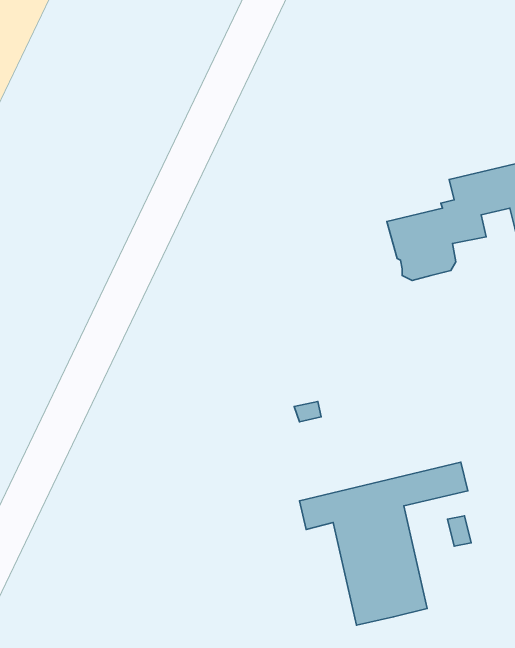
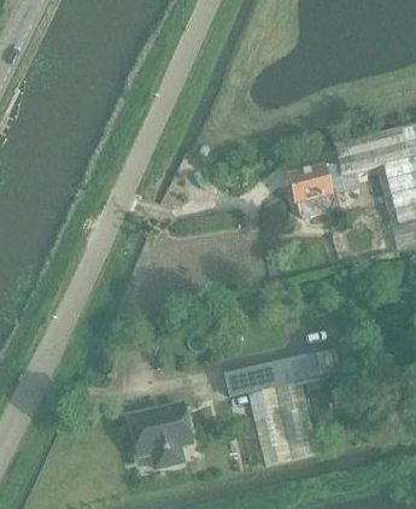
building: none -> [129,403,189,466]

